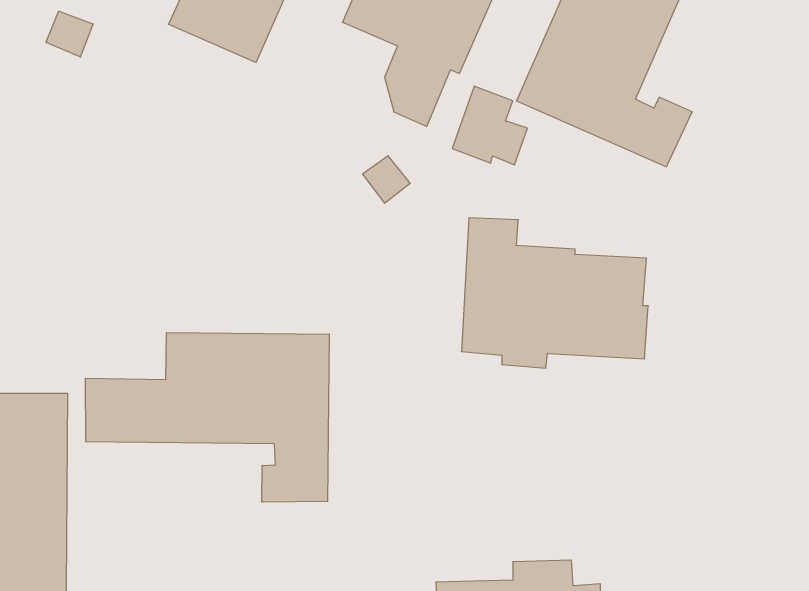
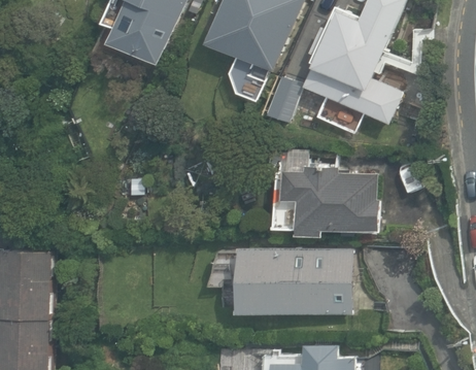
building: [86,333,329,502] -> none
building: none -> [206,248,351,315]

